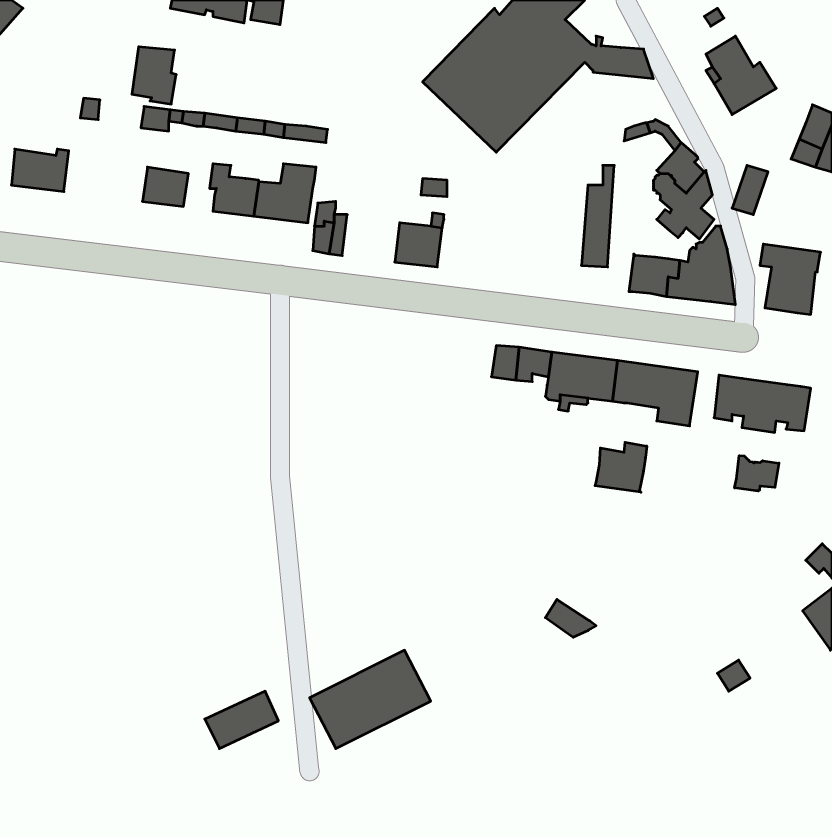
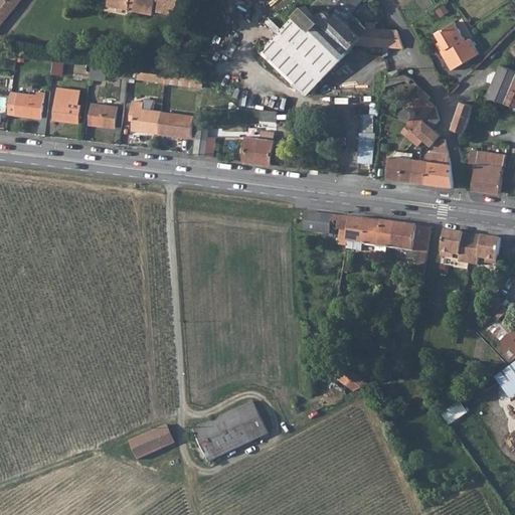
building: [132,47,176,104] -> [52,88,79,123]
building: [595,442,647,492] -> none
building: [735,456,779,491] -> none

